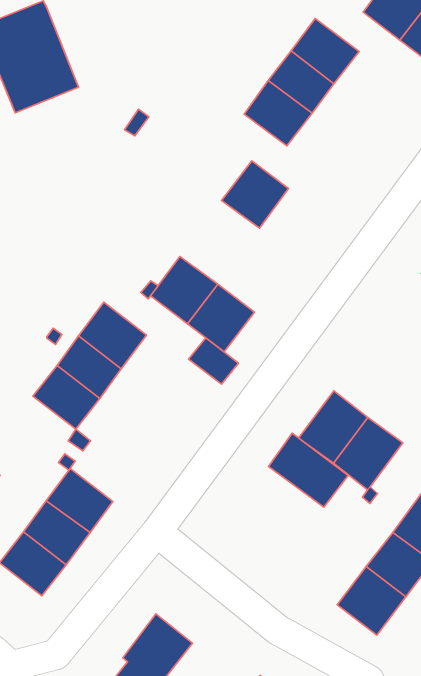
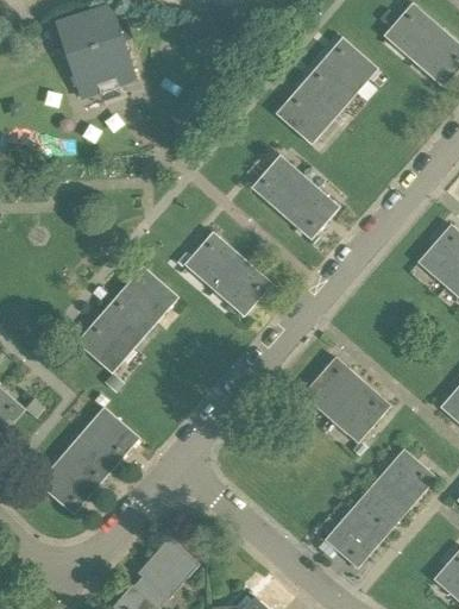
building: none -> [282,181,339,239]
building: [188,338,239,384] -> none
building: [268,433,348,507] -> none

